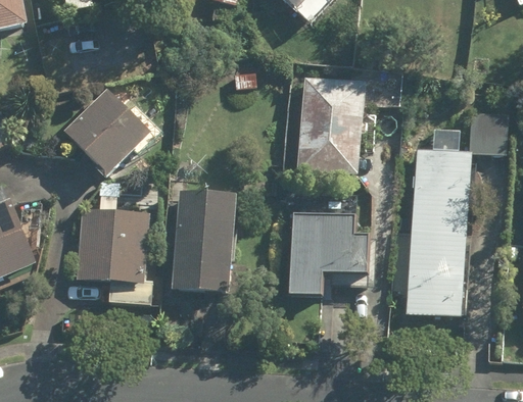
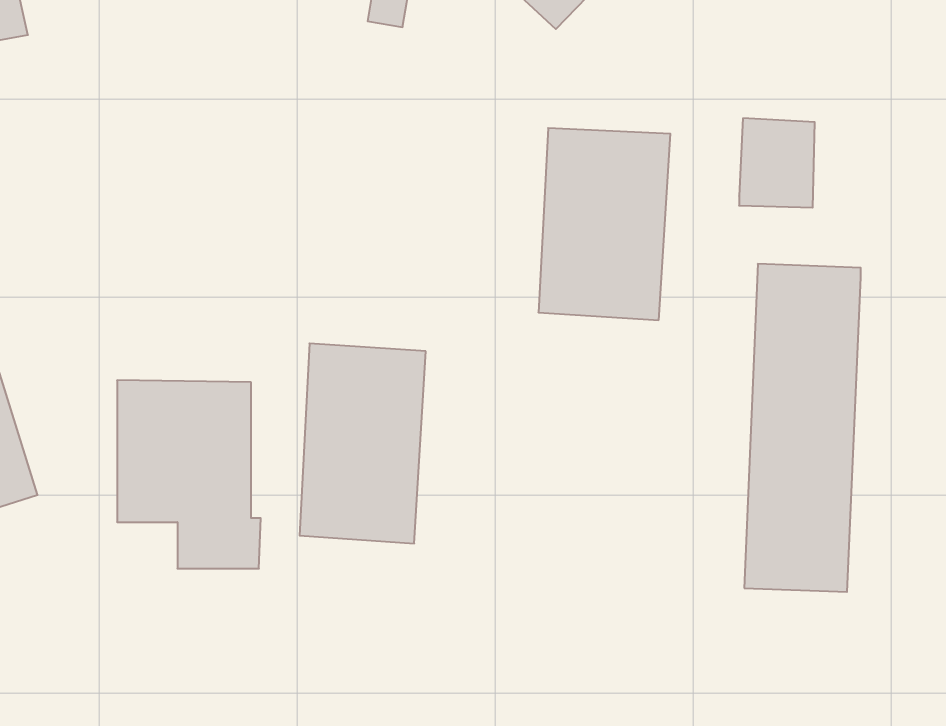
building: [66,87,162,174] -> none
building: [468,108,508,155] -> [739,118,815,208]
building: [284,189,371,299] -> none

